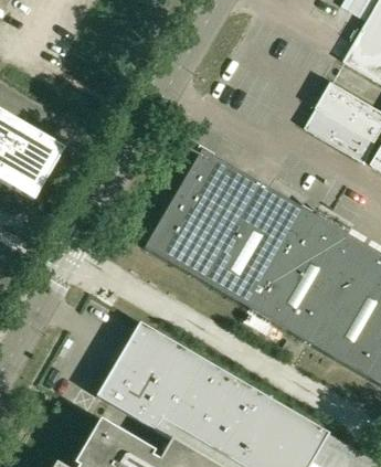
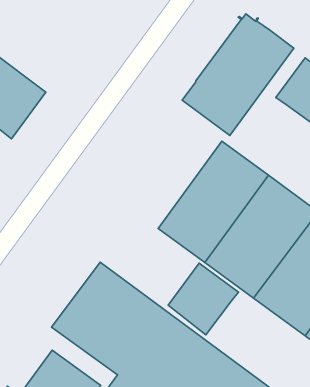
building: [142,148,254,278] -> [182,14,294,136]
building: none -> [168,263,239,335]

